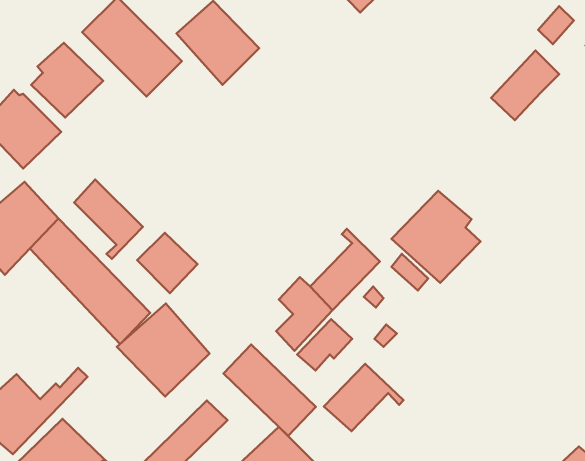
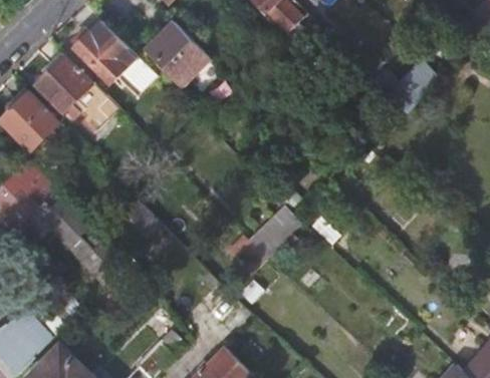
building: [74,179,143,259] -> none
building: [391,191,481,283] -> none
building: [117,304,210,397] -> none
building: [223,345,316,436] -> none
building: [324,364,404,431] -> none

